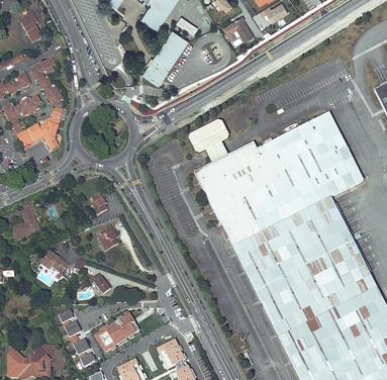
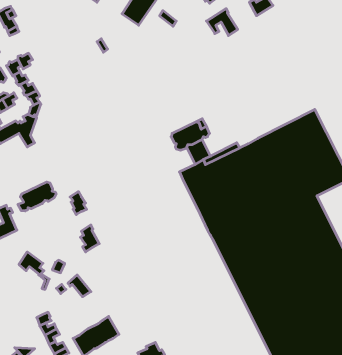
building: [142,30,189,86] -> none
building: none -> [18,182,56,211]

